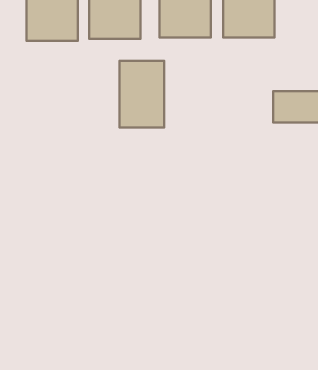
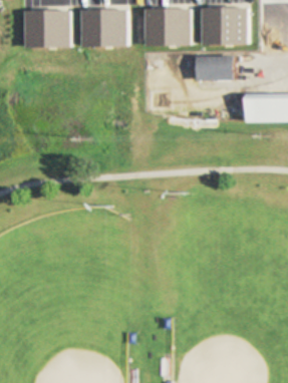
building: none -> [197,55,235,79]
building: [119,61,164,128] -> none

